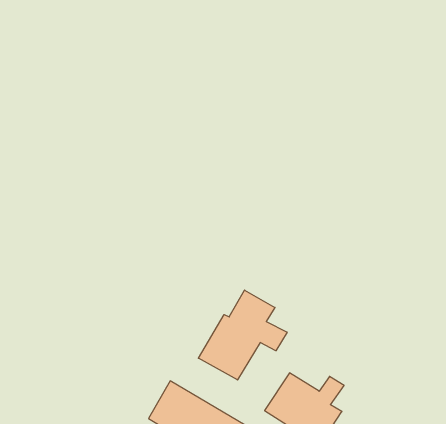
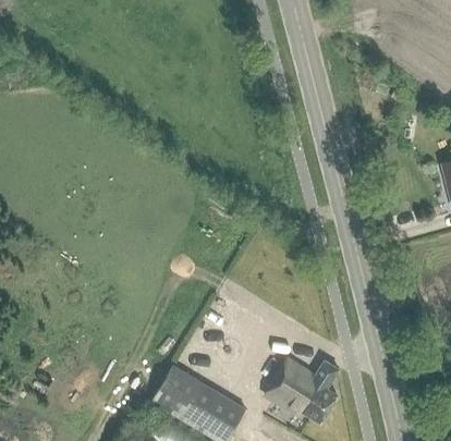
building: [198,290,287,380] -> none

